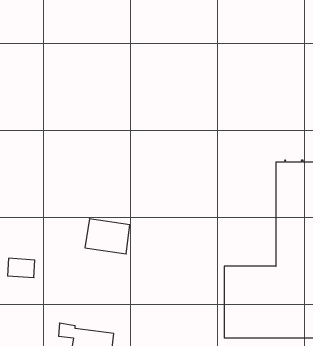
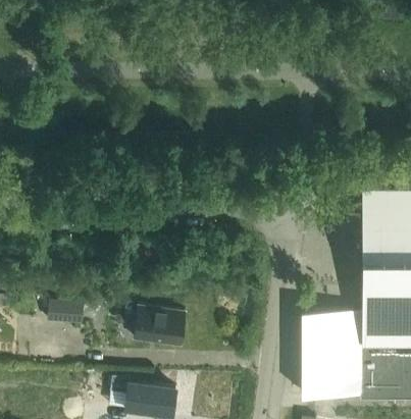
building: [85,219,130,254] -> [134,308,186,349]

